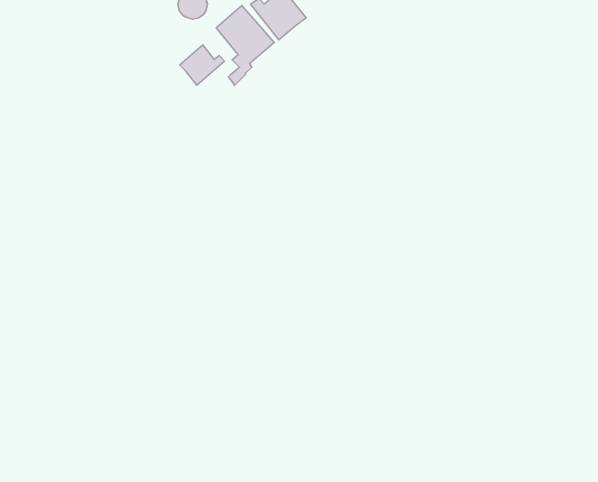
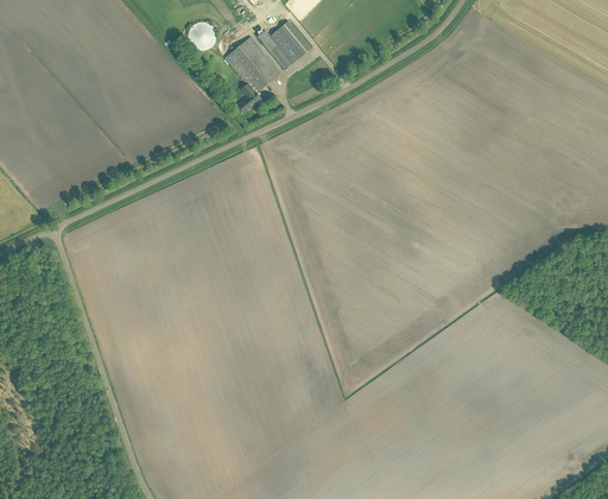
building: [180,45,225,85] -> none

